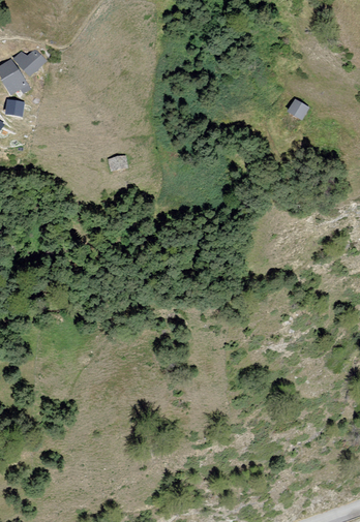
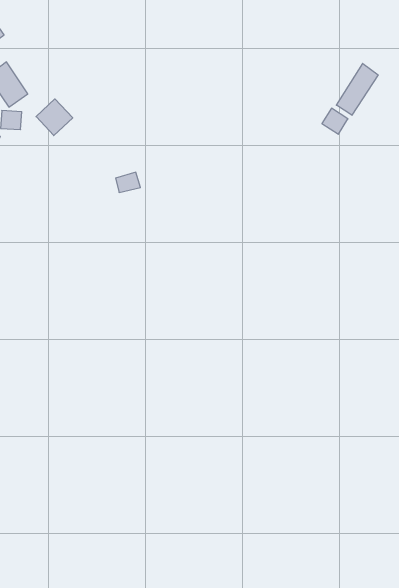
building: [14,45,47,78] -> [36,99,73,136]
building: none -> [336,63,378,115]

